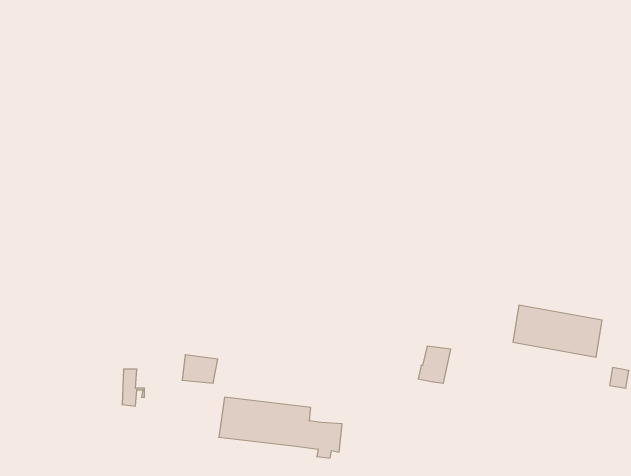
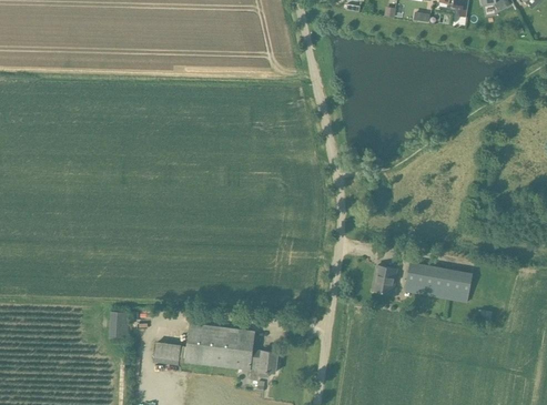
building: [418,346,451,383] -> [372,265,396,293]
building: [182,355,218,383] -> [153,342,180,363]

